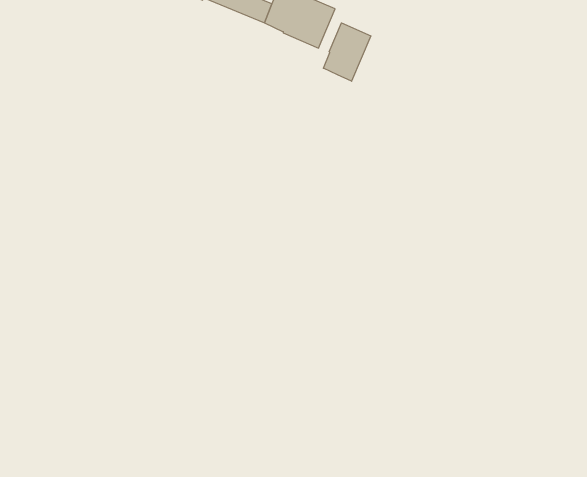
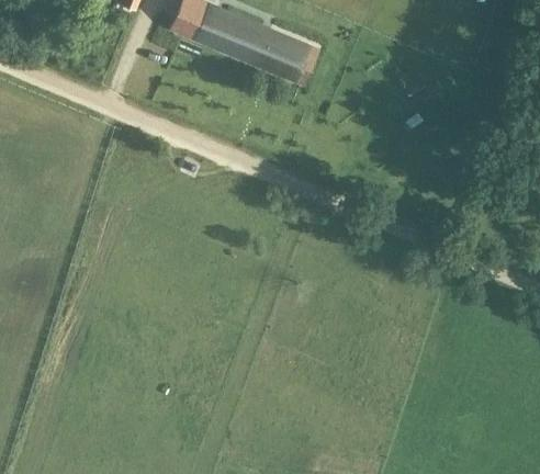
building: [323,23,371,81] -> none

